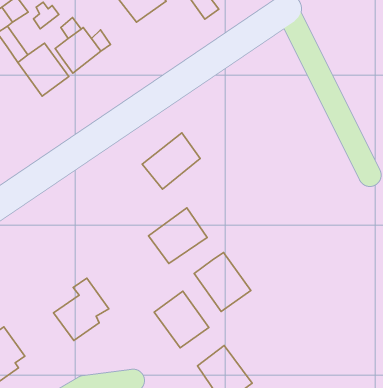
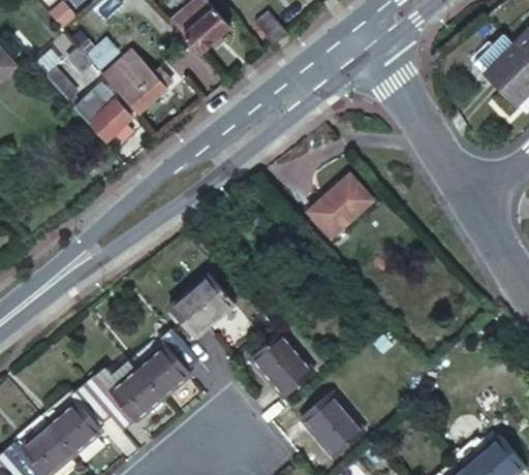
building: [142,133,200,189] -> [314,167,378,231]
building: [148,208,207,263] -> [160,278,225,341]
building: [194,252,251,312] -> none
building: none -> [79,376,157,429]

